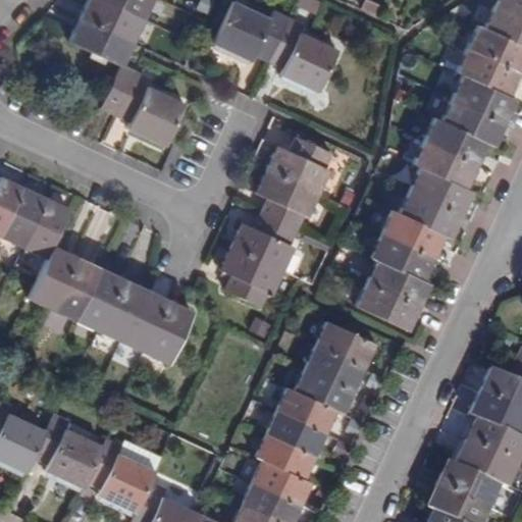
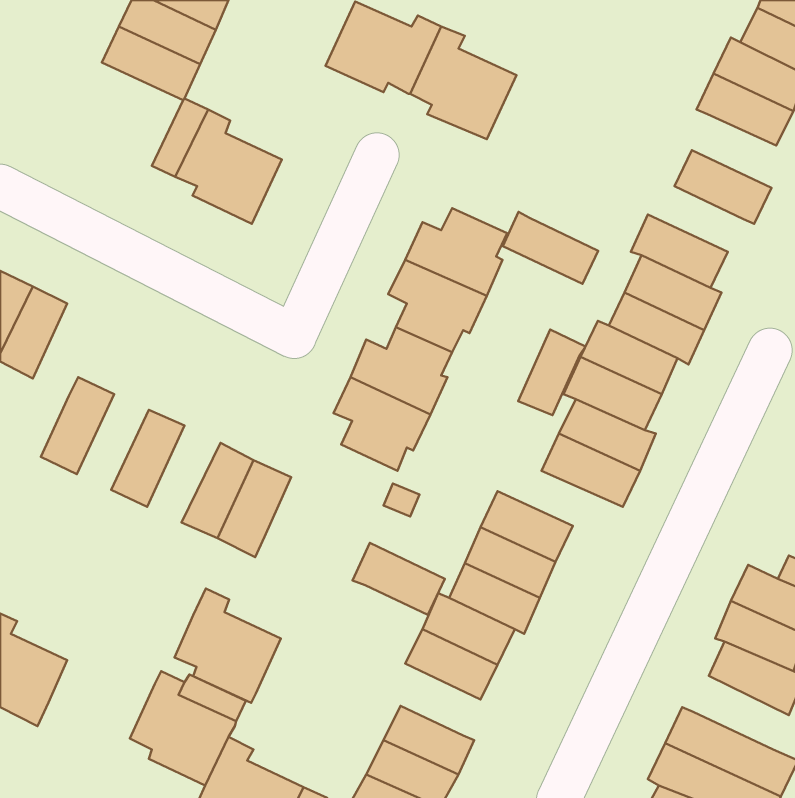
building: [454,75,516,123] -> none
building: [425,118,487,165] -> [503,212,598,284]
building: [24,199,71,259] -> none
building: none -> [518,329,585,415]
building: [53,258,100,320] -> none
building: [99,278,147,342] -> none
building: [35,414,104,488] -> [174,589,281,703]
building: [256,433,316,480] -> [353,543,445,615]
building: [455,441,517,489] -> none

